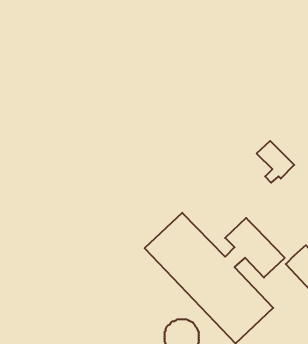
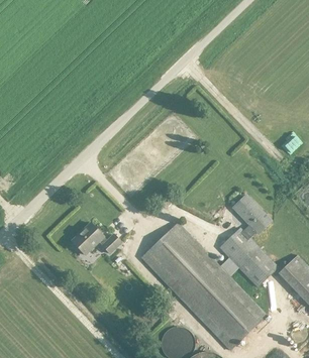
building: [257,141,294,183] -> [234,198,271,238]
building: none -> [71,224,120,255]

